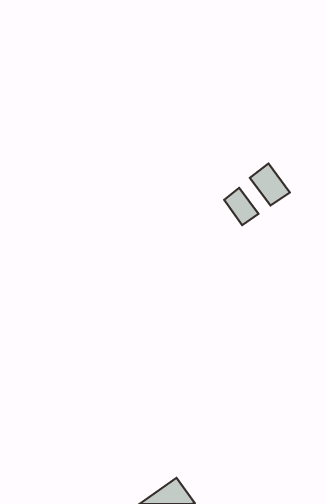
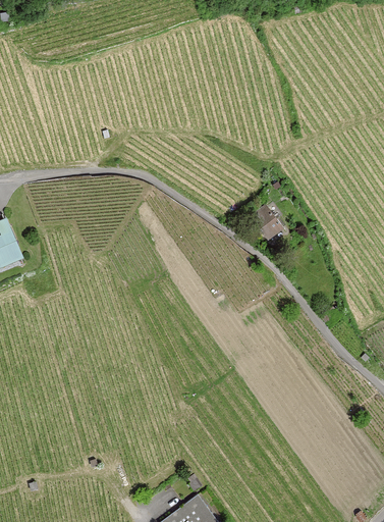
building: [250,163,290,206] -> none

